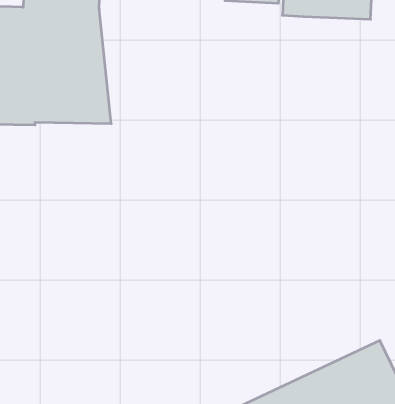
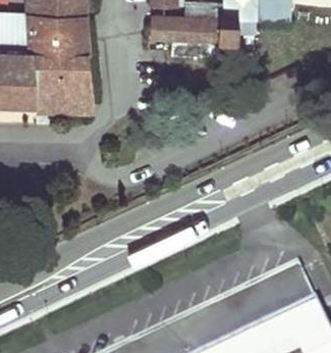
building: none -> [151,20,240,46]

